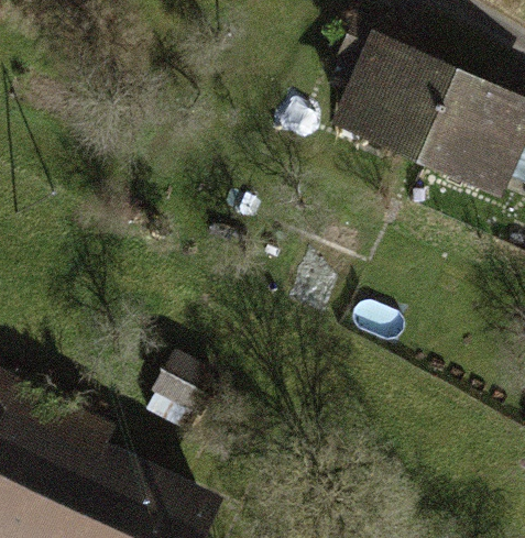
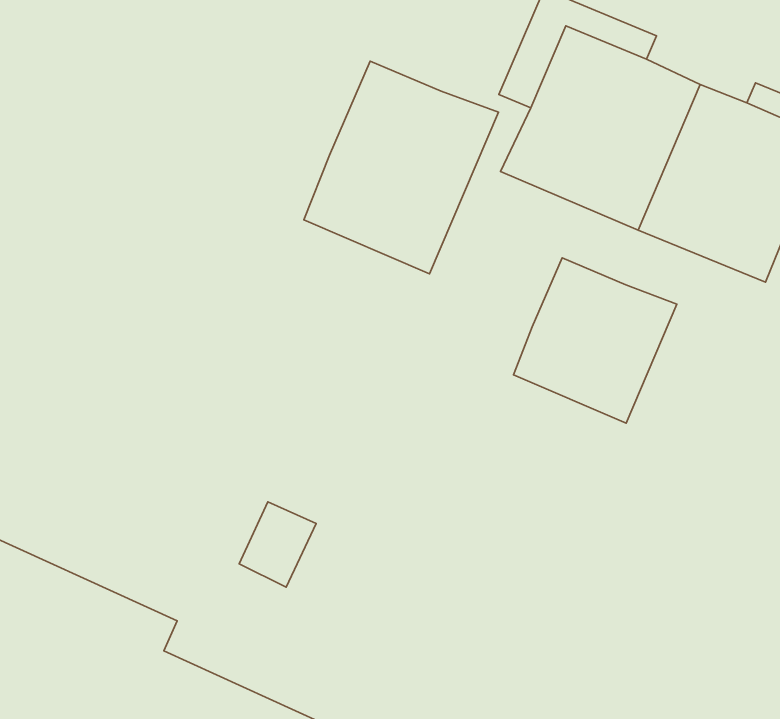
building: none -> [304,61,498,274]
building: none -> [513,258,677,423]

